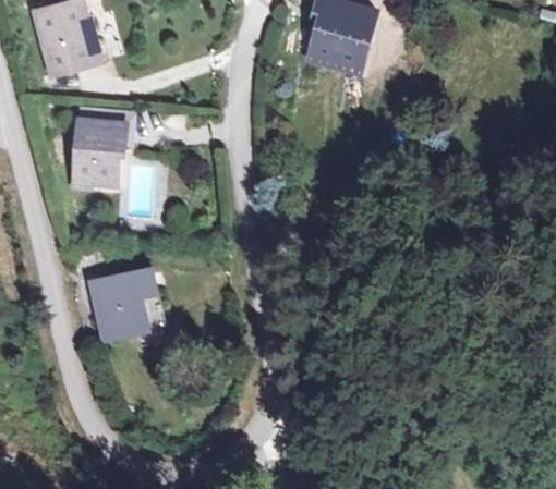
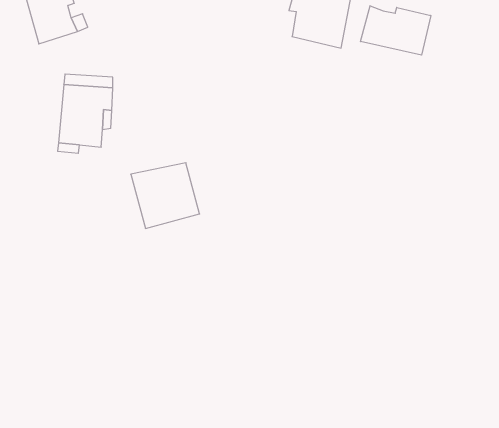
building: none -> [361,6,431,55]
building: [83,269,155,338] -> [131,163,200,228]

